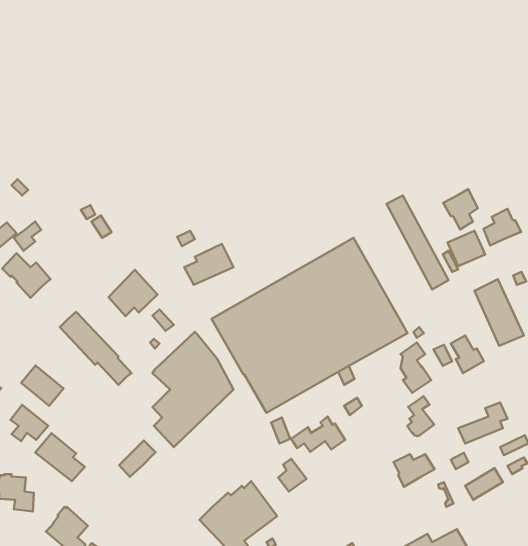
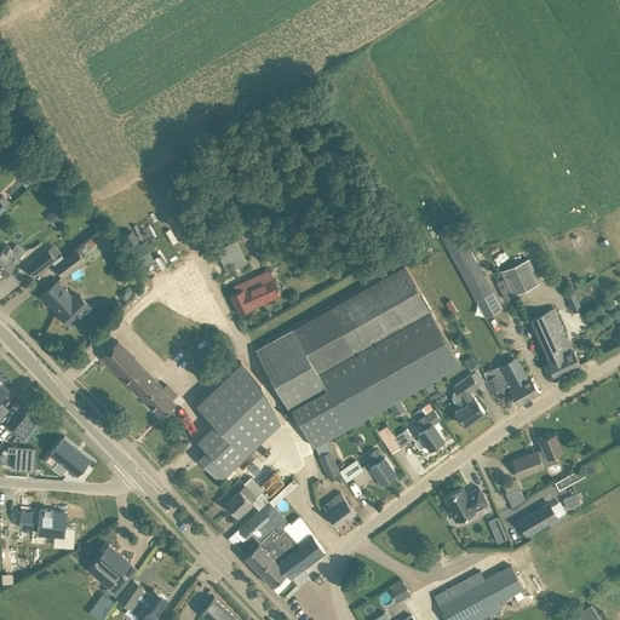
building: [443,189,478,230] -> none
building: [483,209,521,245] -> none
building: [109,270,158,316] -> none
building: [21,366,64,406] -> none
building: [407,396,434,436] -> [415,412,443,453]
building: [35,433,85,481] -> none
building: [119,441,156,477] -> [225,480,263,517]
building: none -> [237,503,287,544]

